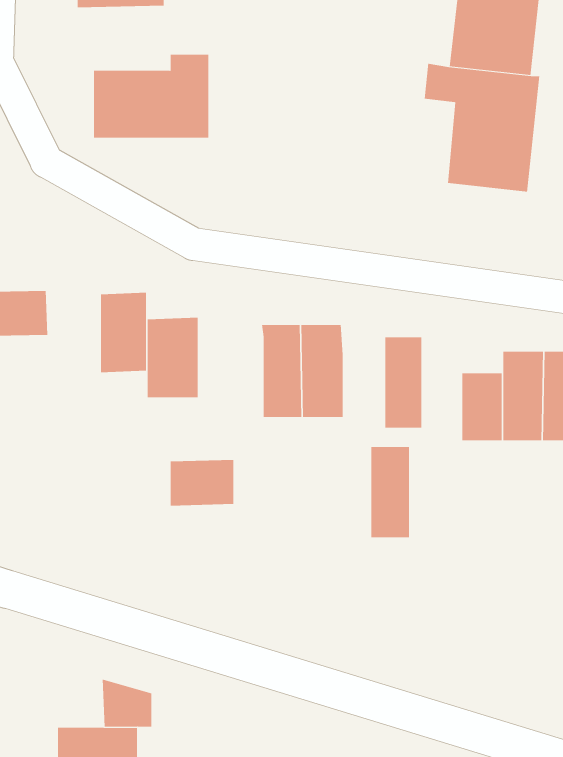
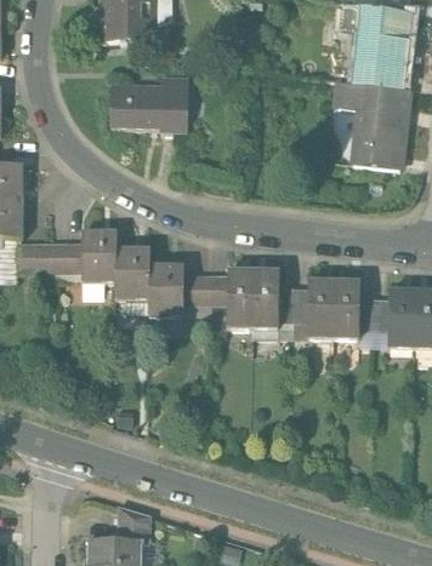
building: none -> [78,228,114,279]
building: none -> [279,286,307,321]
building: [371,447,410,538] -> [332,274,359,336]
building: [170,460,234,506] -> [181,274,224,305]

